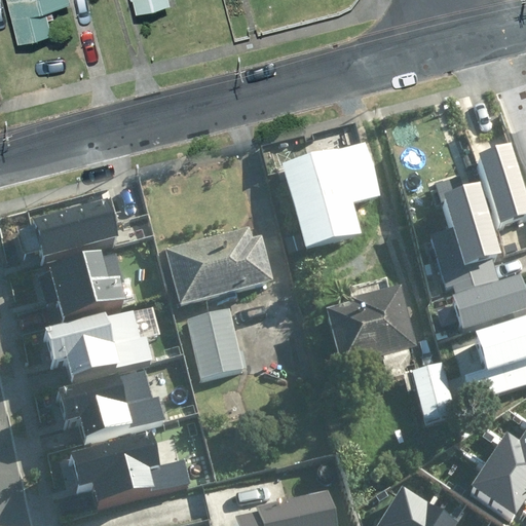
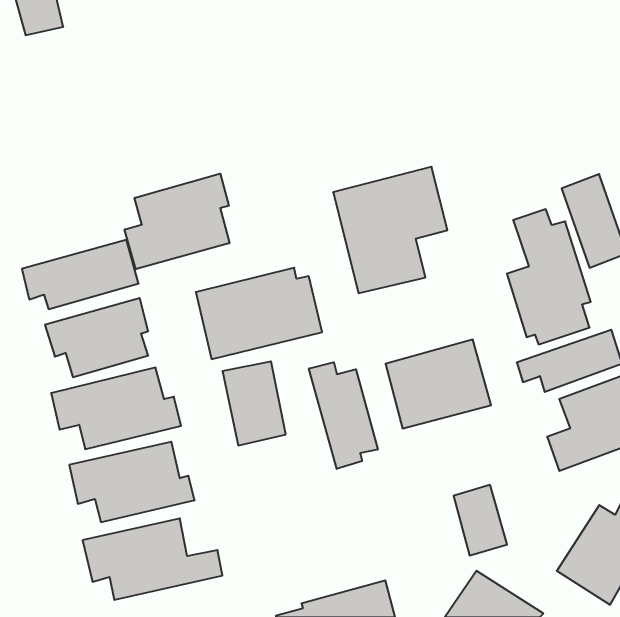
building: none -> [125,174,229,269]
building: none -> [309,362,378,469]
building: [412,359,457,418] -> [454,485,507,555]

